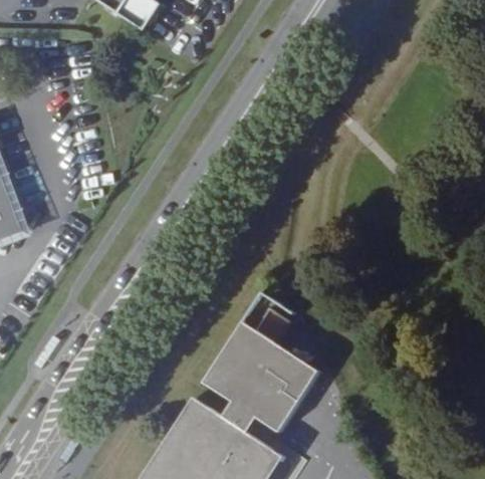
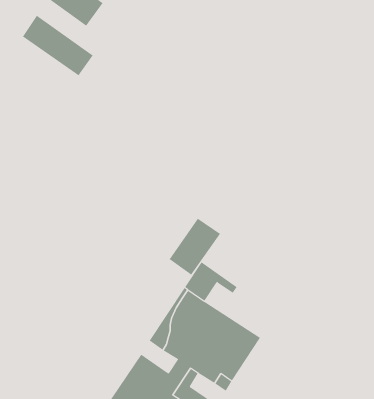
building: none -> [22,15,94,76]
building: none -> [169,218,221,276]

